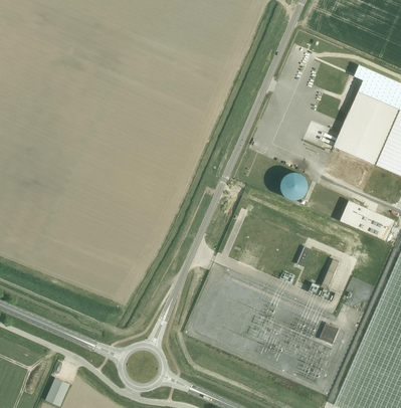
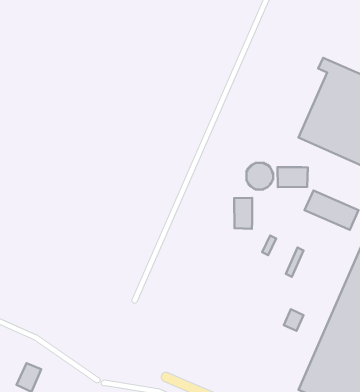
building: none -> [278,167,308,187]
building: none -> [234,198,252,229]

